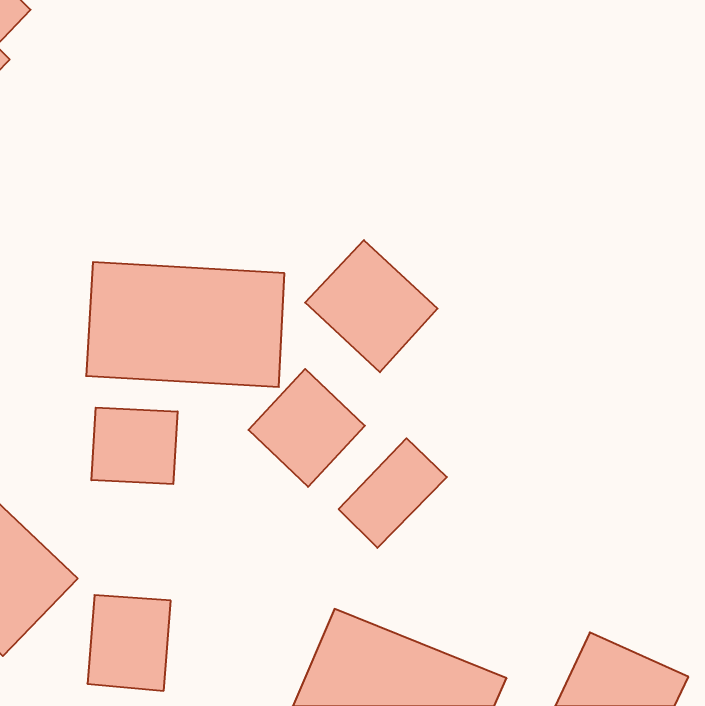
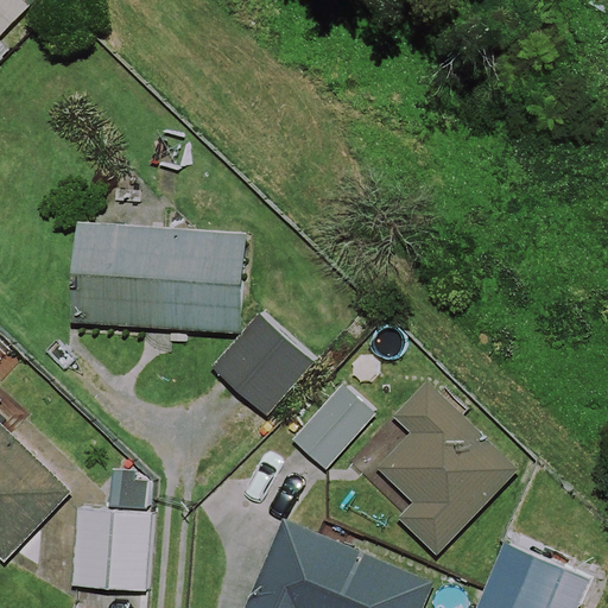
building: [305,240,438,372] -> none
building: [91,408,178,484] -> none
building: none -> [373,386,517,558]

